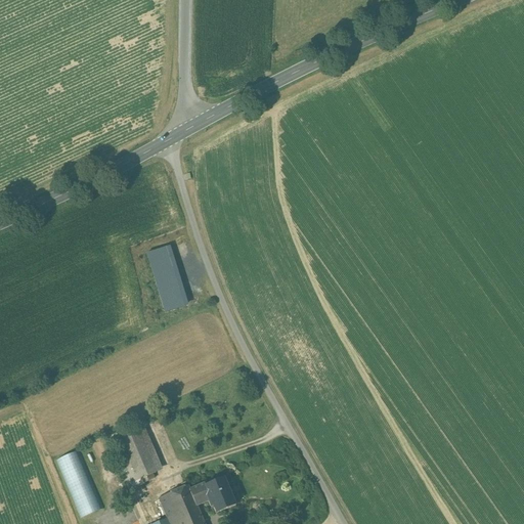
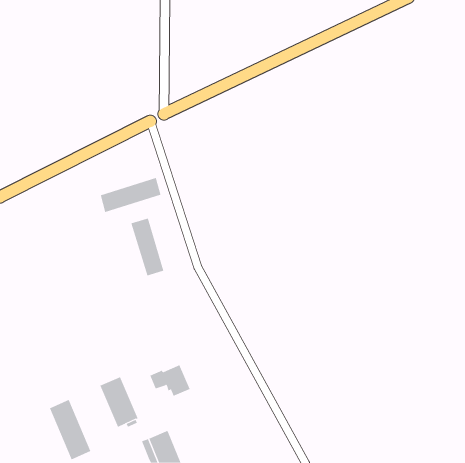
building: none -> [100,177,161,213]
building: [191,475,237,511] -> [150,364,191,396]

